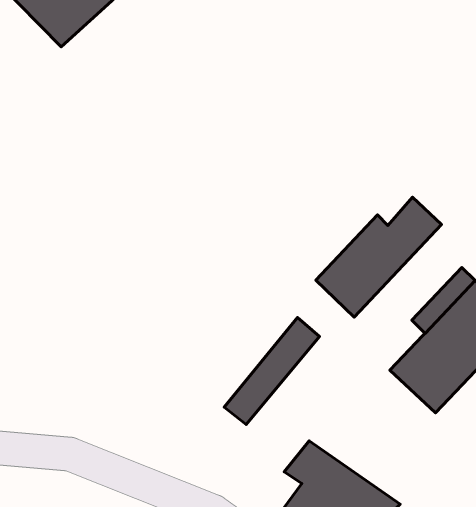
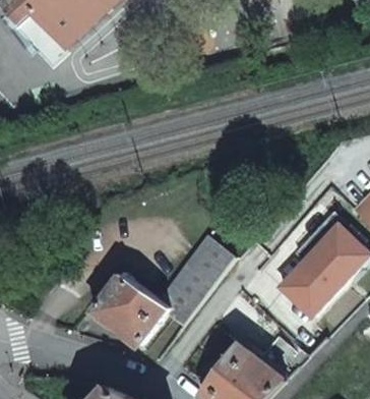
building: [316,197,442,317] -> none
building: none -> [91,274,166,345]

